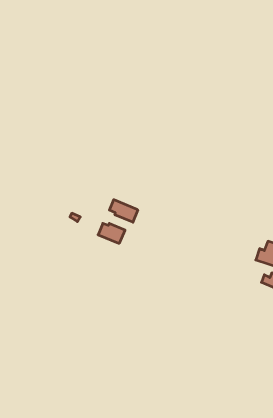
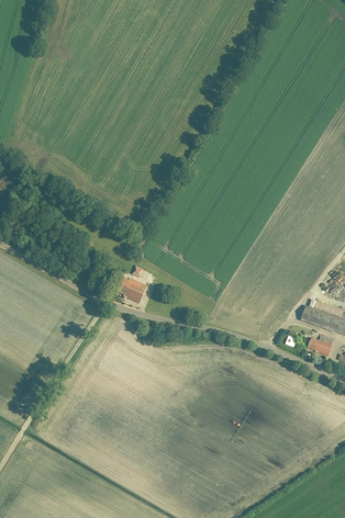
building: [109,200,138,222] -> none

